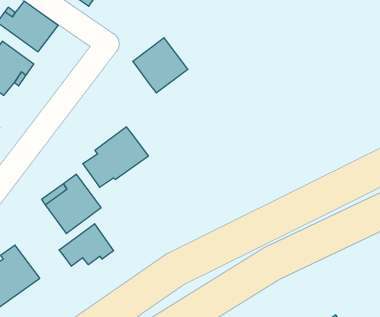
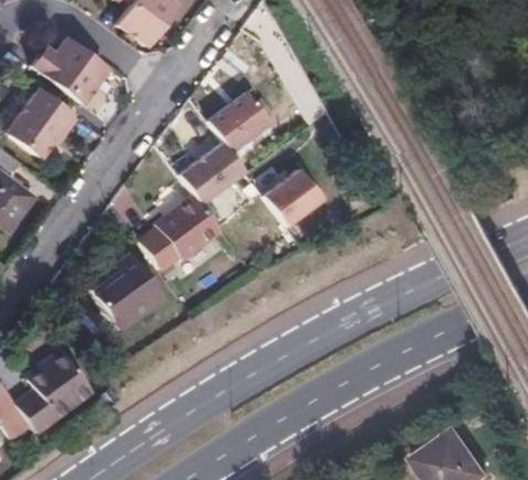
building: none -> [180,143,246,205]
building: none -> [263,170,327,228]
building: [59,224,114,266] -> none

